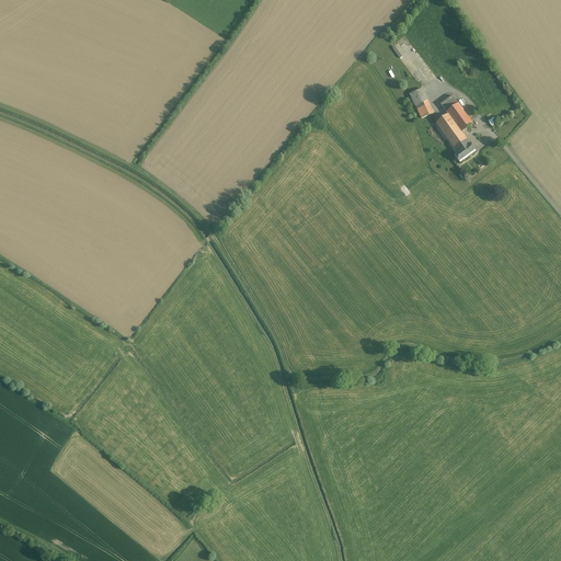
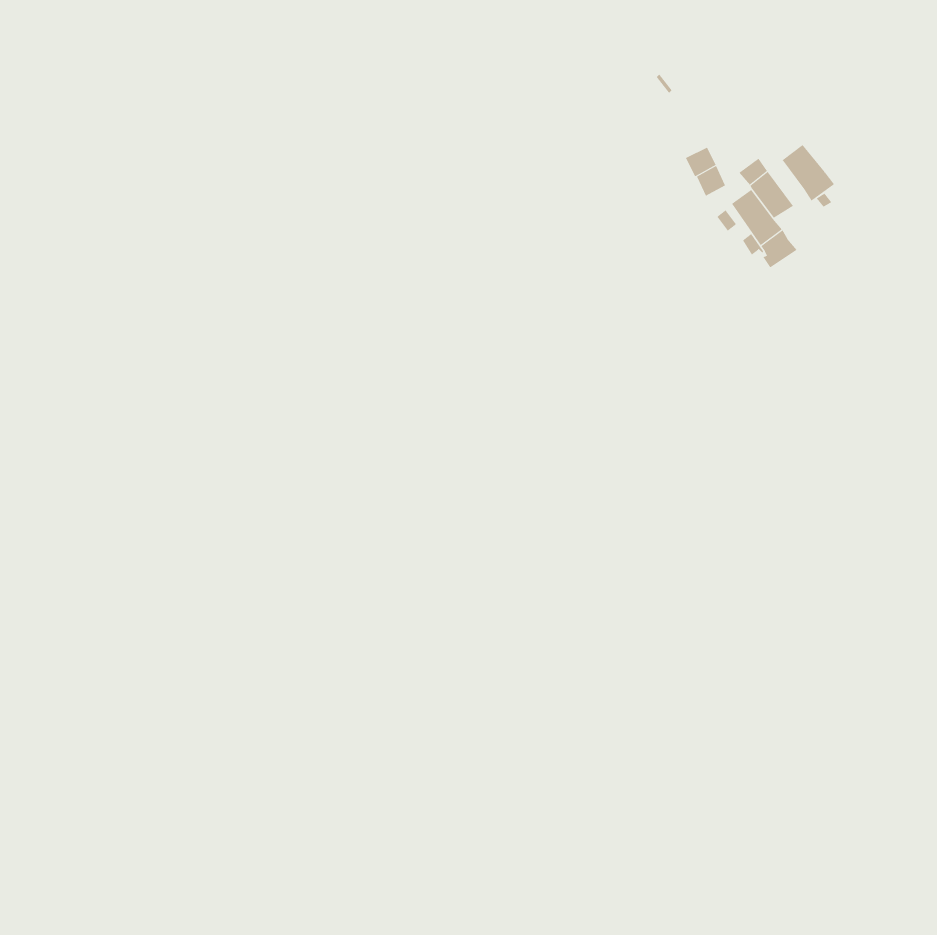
building: none -> [782,144,835,201]

